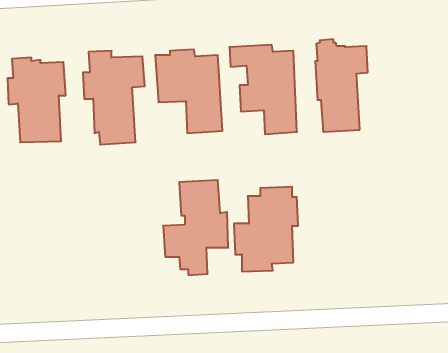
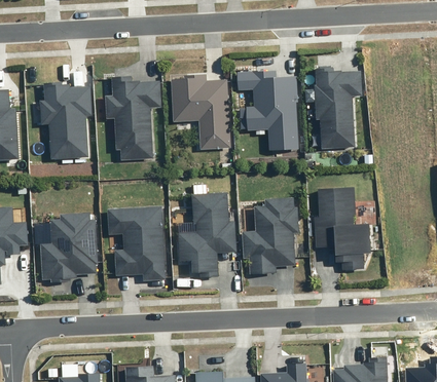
building: none -> [315,188,370,270]
building: none -> [107,205,166,281]
building: none -> [40,213,99,280]

